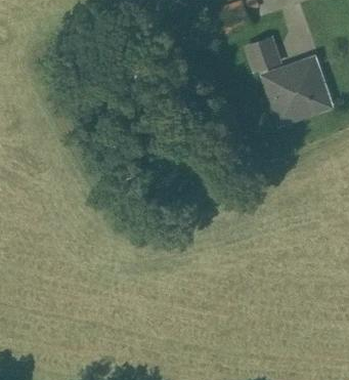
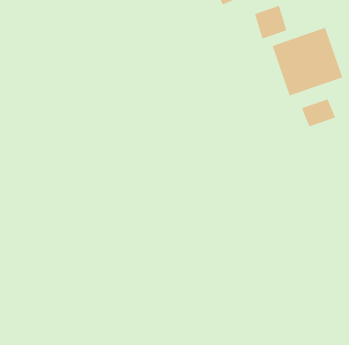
building: none -> [301,99,336,127]

